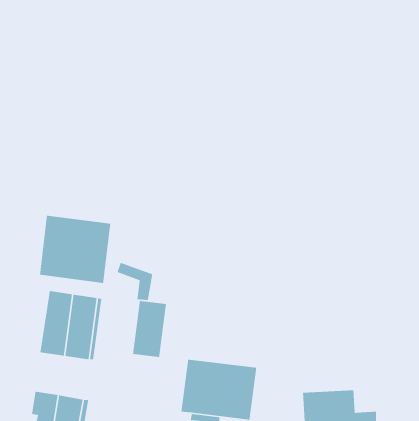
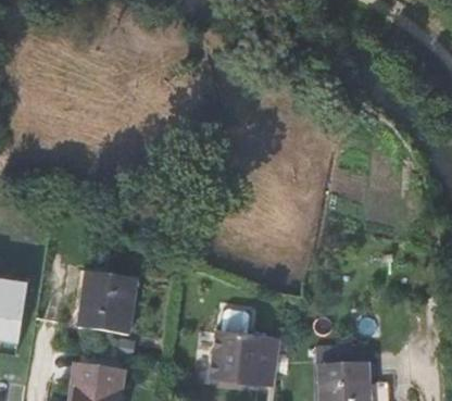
building: [39,215,111,284] -> none
building: [132,300,167,358] -> none

